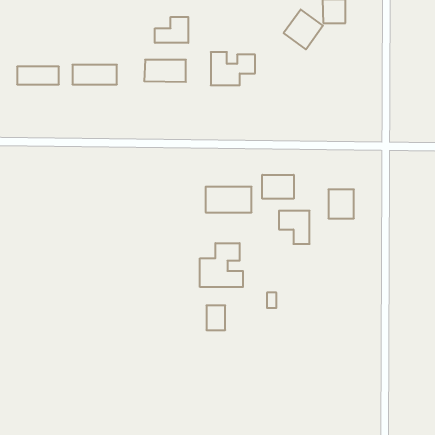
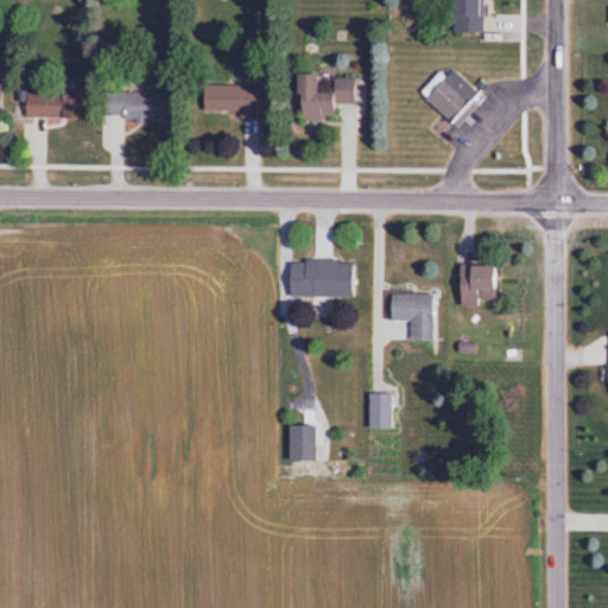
building: [284,9,323,49] -> [424,66,479,122]
building: [155,17,188,43] -> none
building: [262,175,294,199] -> none
building: [200,243,243,287] -> none

